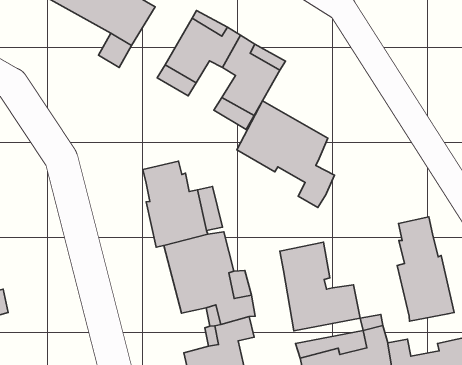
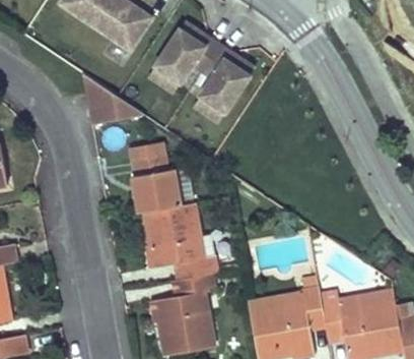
building: [237,101,335,208] -> none
building: [397,217,454,321] -> none
building: [280,242,360,331] -> none

